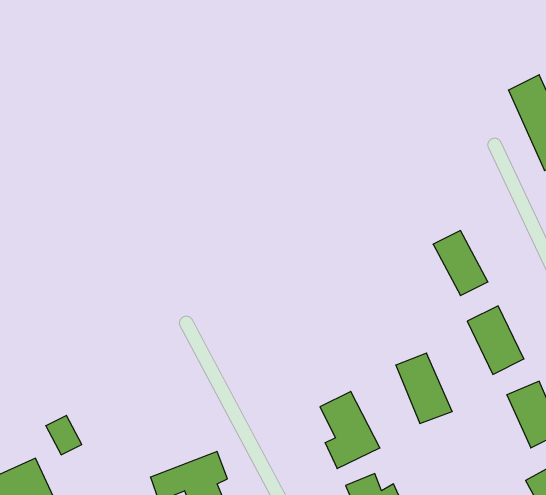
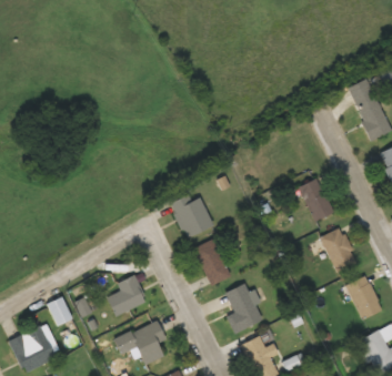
building: none -> [170,194,214,241]
building: [396,353,452,423] -> [193,240,230,285]
building: none -> [107,275,147,316]

